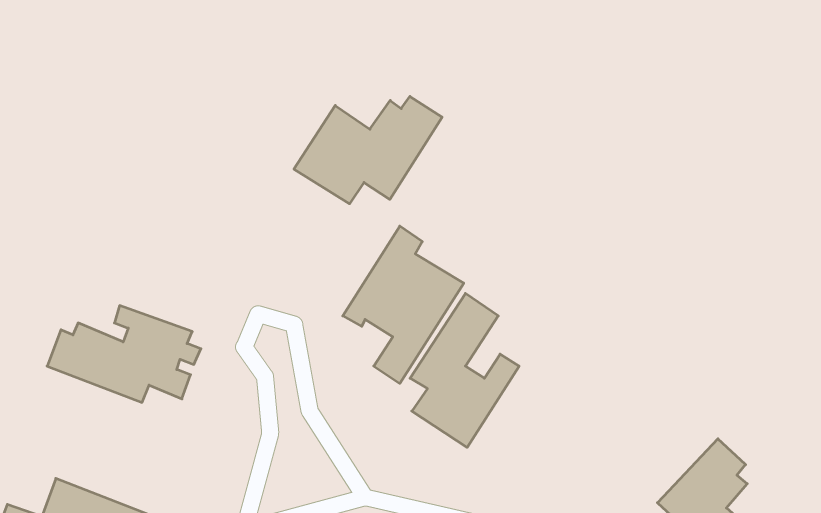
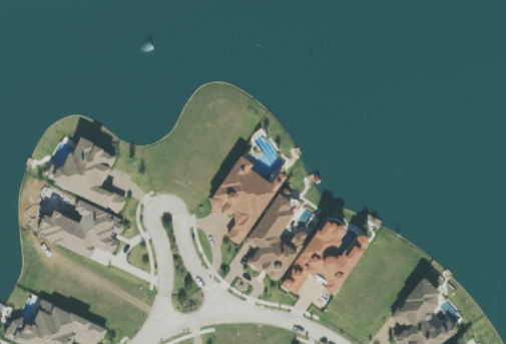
building: [294,96,442,204] -> none
building: none -> [44,138,126,211]
building: none -> [282,217,369,295]

